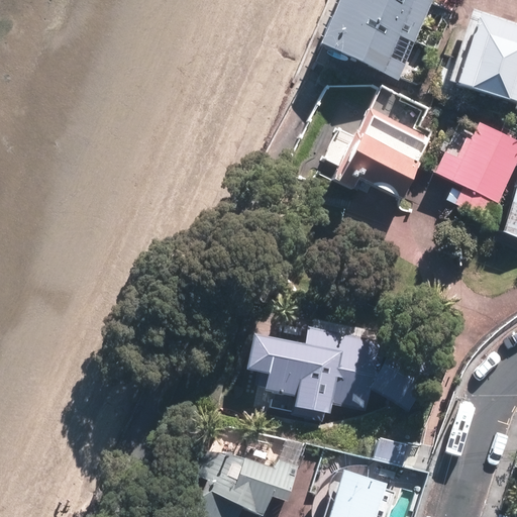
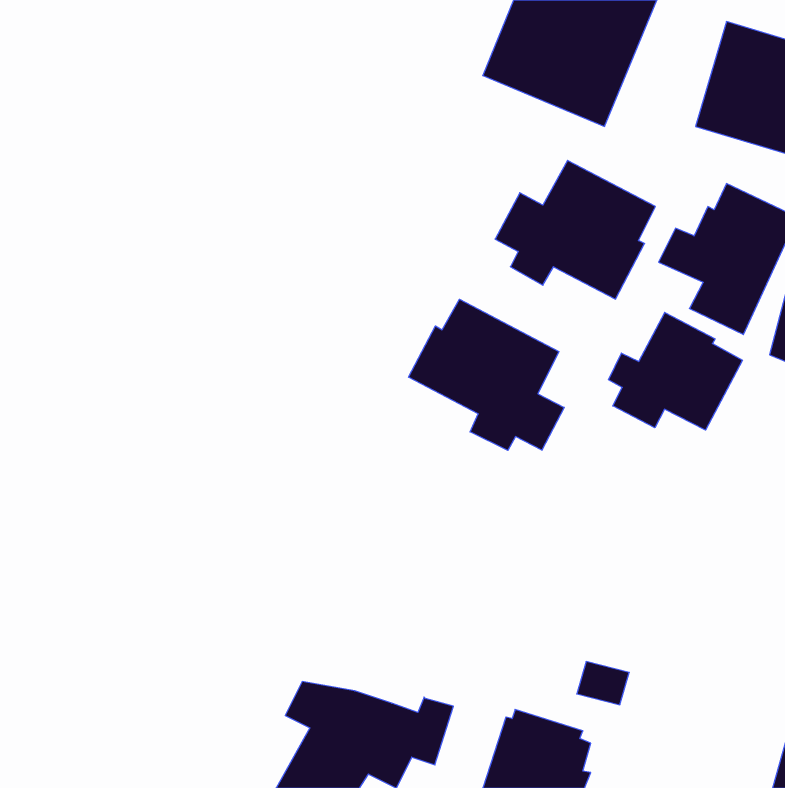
building: none -> [409,299,564,450]
building: none -> [609,312,742,430]
building: [244,327,441,415] -> none

